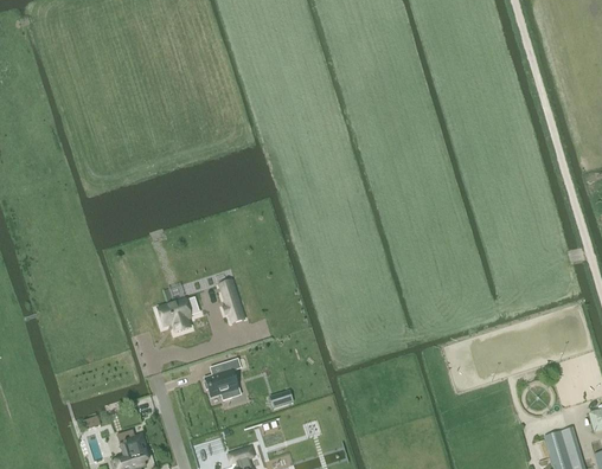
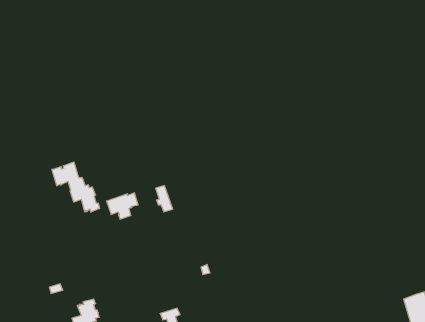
building: none -> [52,162,100,212]
building: [204,359,241,400] -> none

